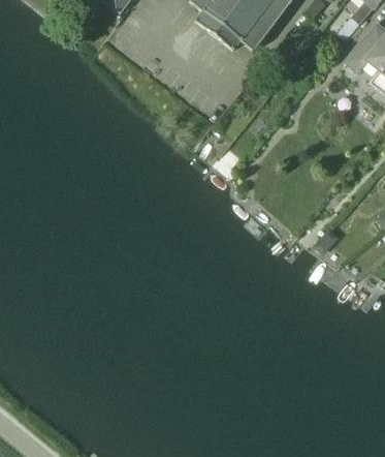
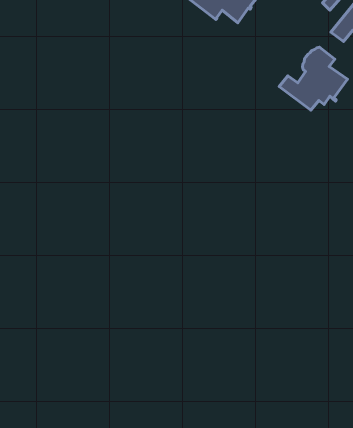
building: none -> [279,47,347,110]

